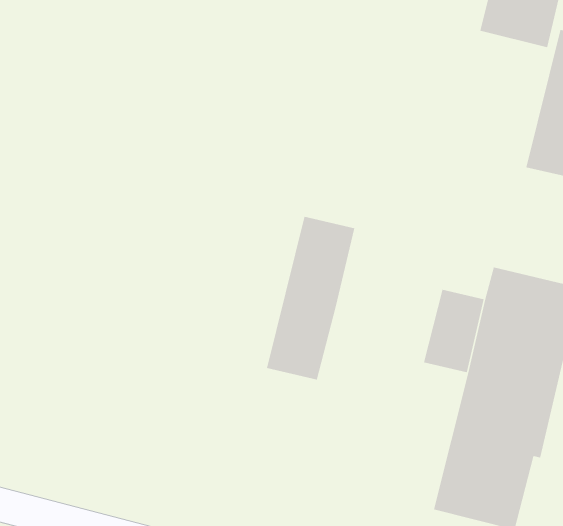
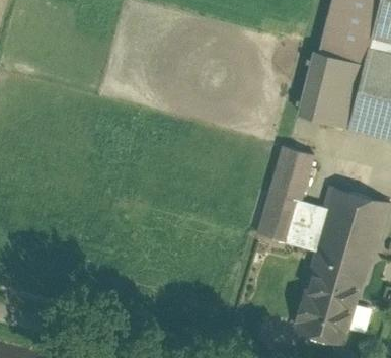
building: none -> [300,51,363,127]
building: [266,216,355,380] -> [259,147,312,244]

